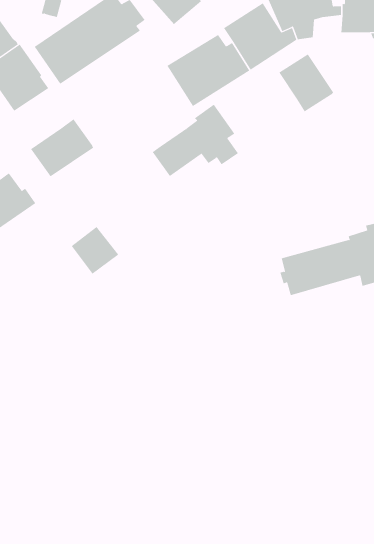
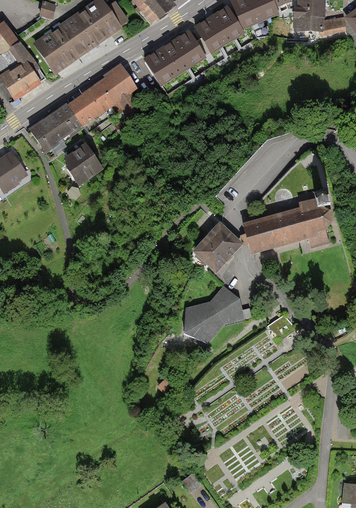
building: [279,54,334,112] -> none
building: [152,104,239,177] -> [67,63,141,125]
building: [71,226,119,274] -> [62,144,103,185]
building: none -> [192,221,242,273]
building: none -> [184,284,243,343]

